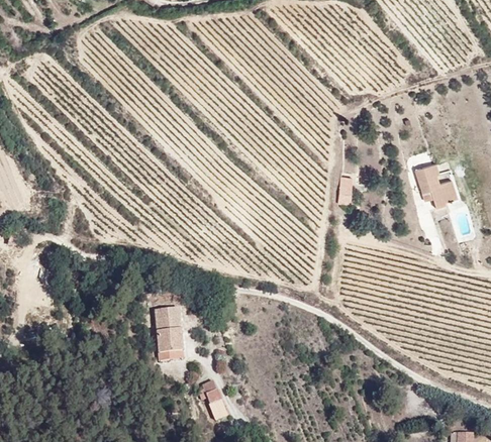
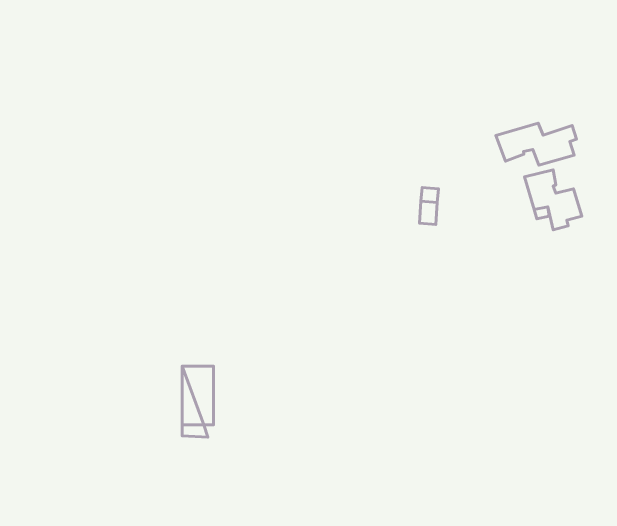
building: none -> [496,123,577,165]
building: [197,382,227,421] -> none

